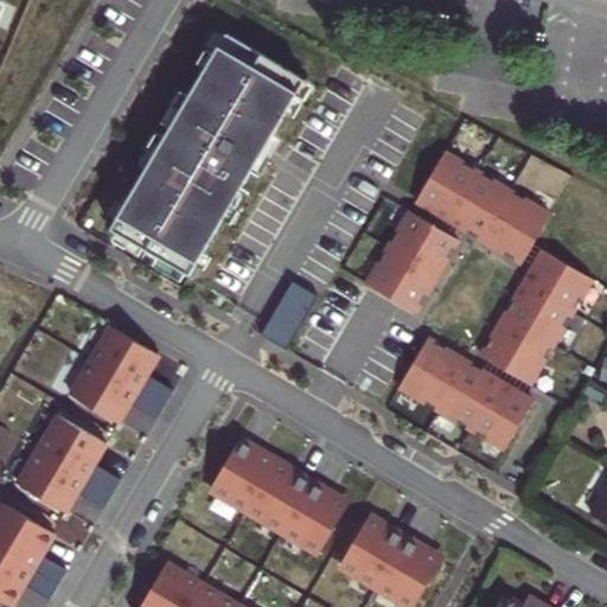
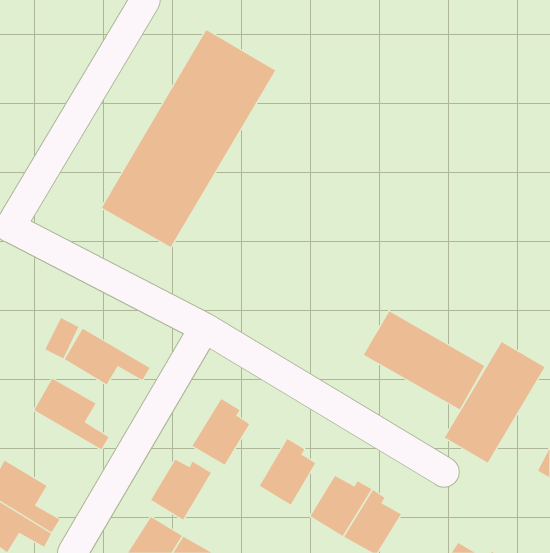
building: [414,153,548,263] -> none
building: [364,212,456,313] -> none
building: [479,251,590,385] -> [444,341,546,464]
building: [268,279,319,345] -> none
building: [90,325,173,403] -> none
building: [17,449,111,511] -> none
building: [247,465,314,532] -> [150,459,212,521]

